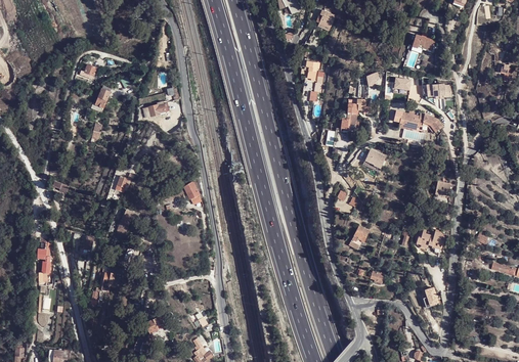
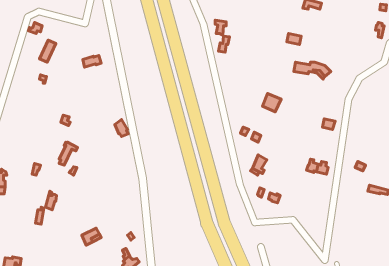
building: [340,97,364,129] -> none

